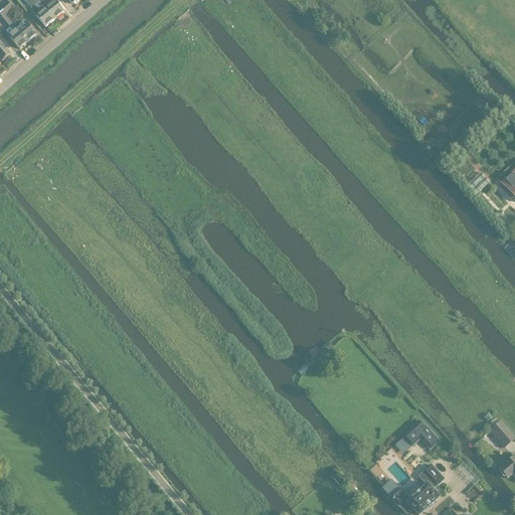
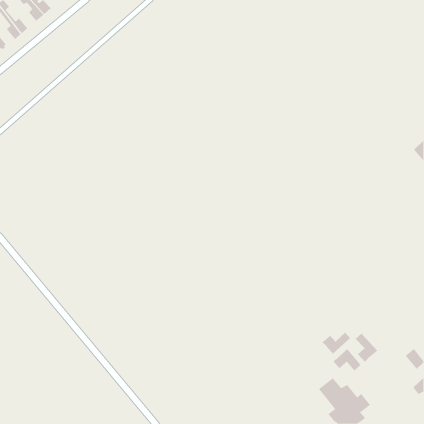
building: none -> [322,332,351,355]
building: none -> [355,333,378,363]

